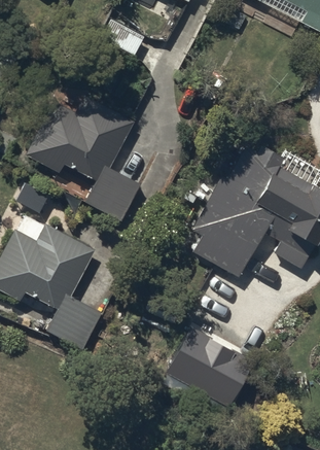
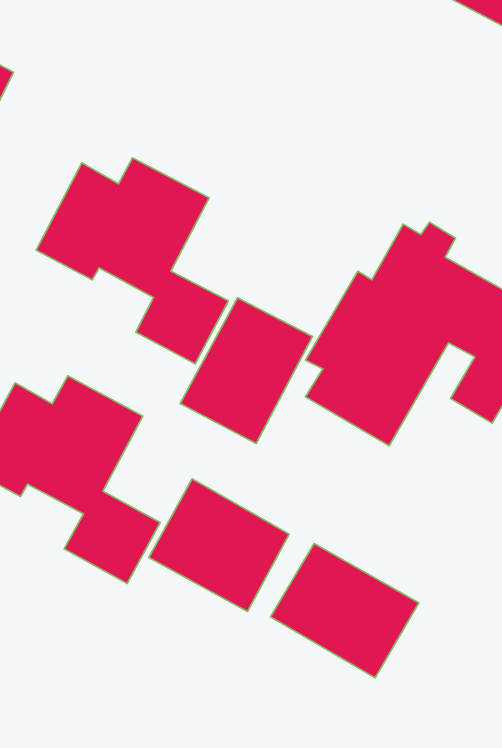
building: none -> [180,298,312,443]
building: none -> [149,479,289,611]

